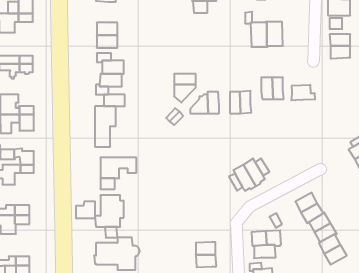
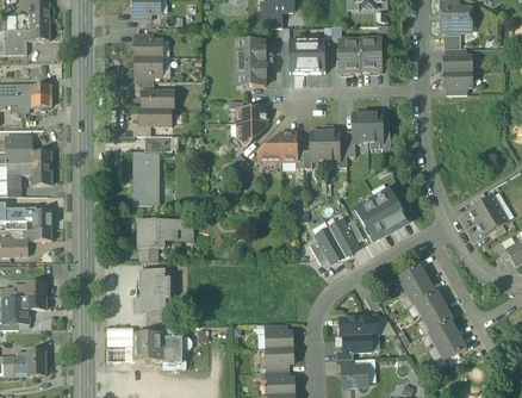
building: none -> [288,38,325,71]
building: none -> [238,39,266,85]
building: [291,85,315,100] -> none
building: none -> [355,188,406,240]
building: [76,201,95,219] -> none

